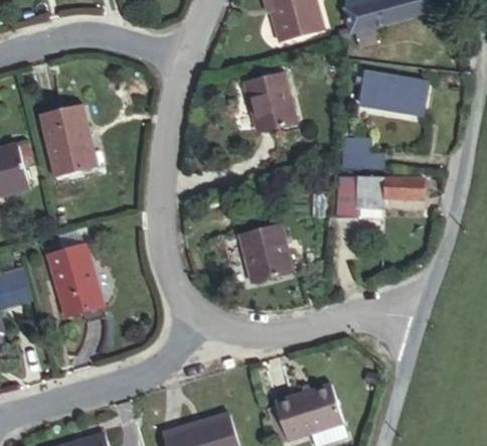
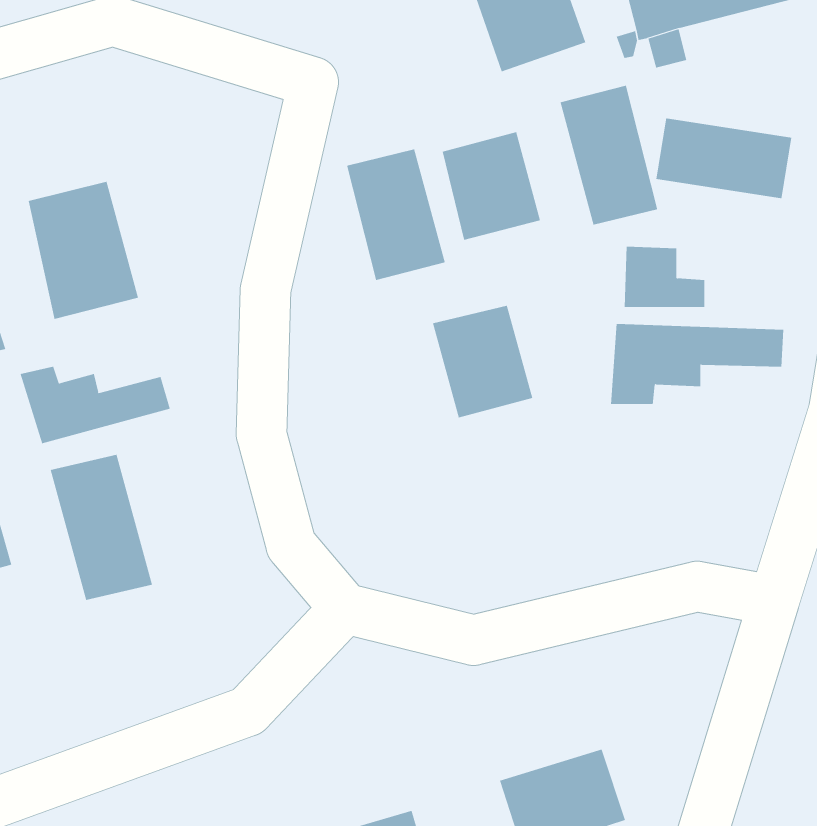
building: none -> [560,85,658,226]
building: none -> [347,148,445,281]
building: none -> [20,366,170,444]
building: [246,226,297,283] -> [432,305,533,418]

